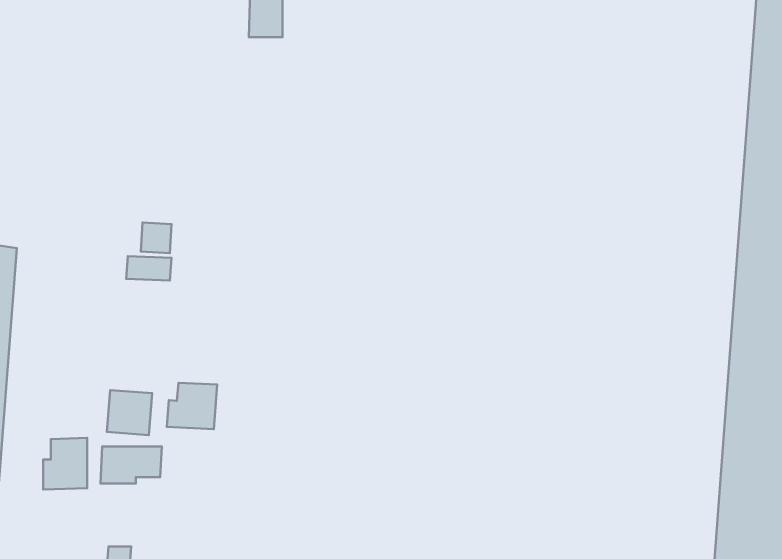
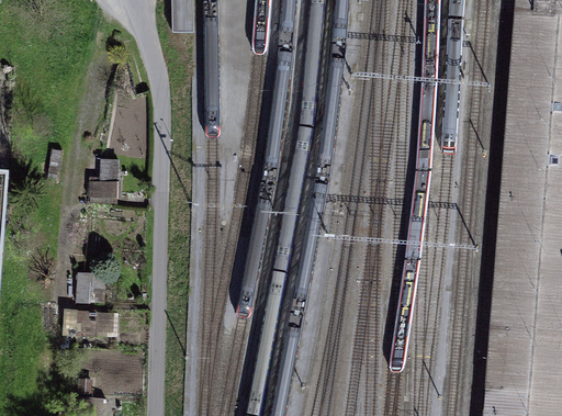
building: [167,383,217,429] -> none
building: [43,438,87,489] -> none

